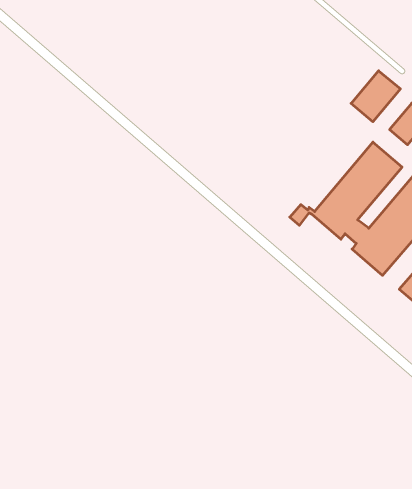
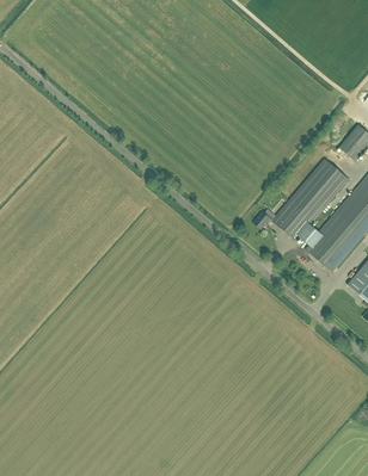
building: [351,71,400,122] -> none

